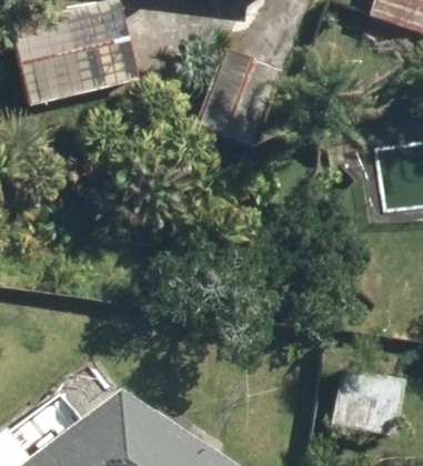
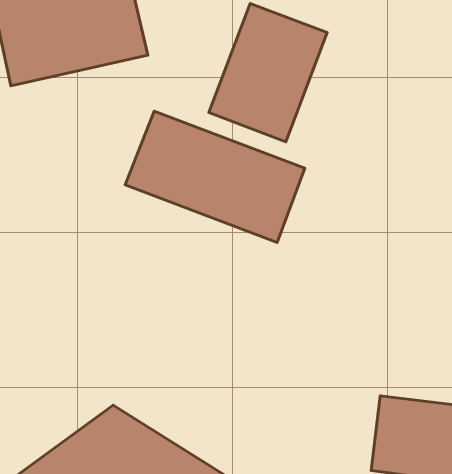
building: none -> [125,111,305,242]

